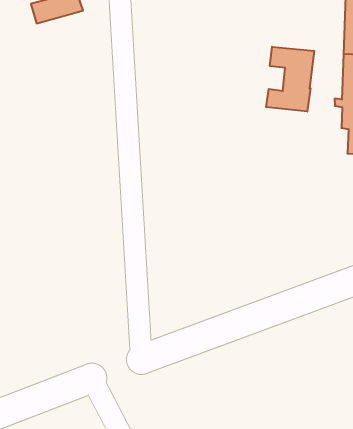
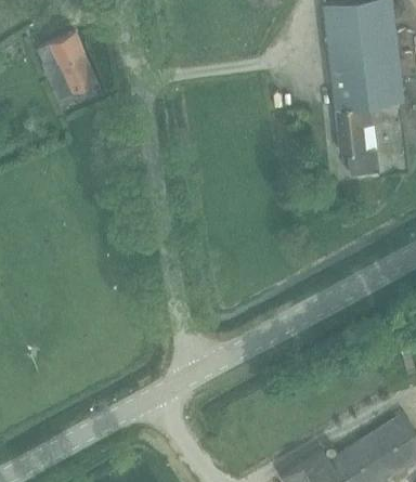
building: [266,47,314,112] -> none

